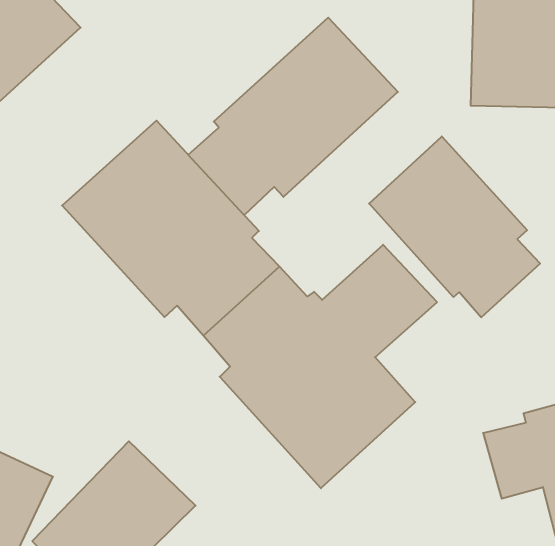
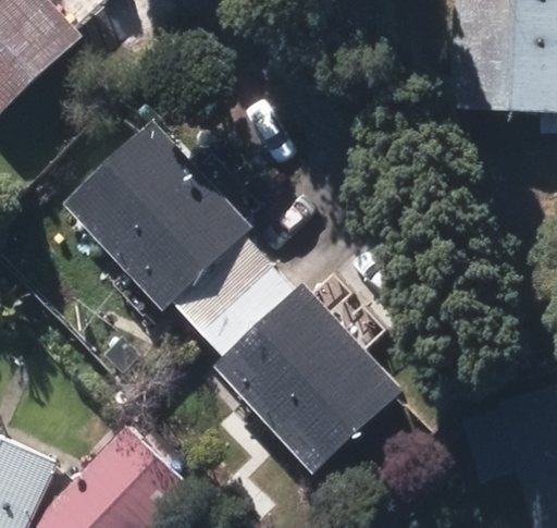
building: [188,18,398,215] -> none
building: [369,136,540,317] -> none

